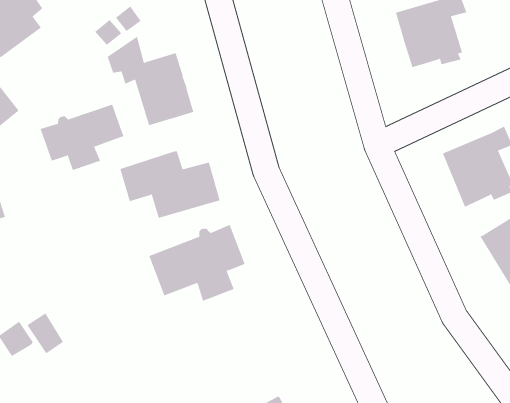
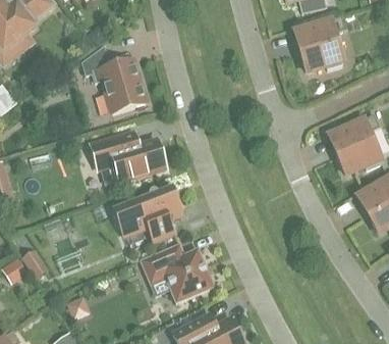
building: [40,104,124,171] -> none
building: none -> [140,242,214,302]

